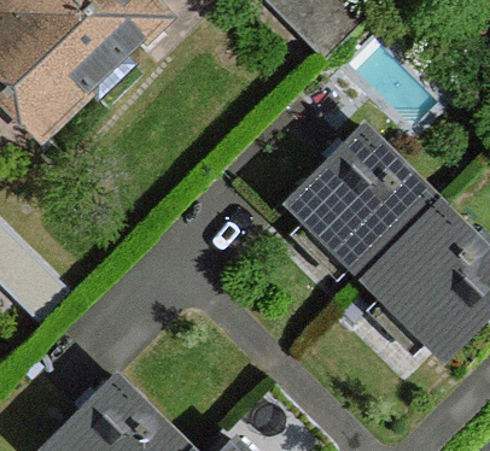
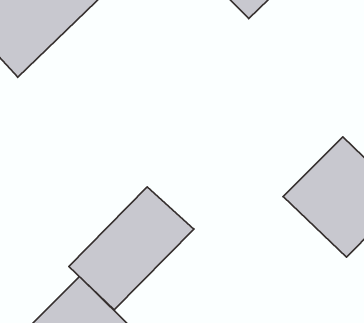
building: [291,130,441,281] -> none
building: none -> [69,187,194,310]

